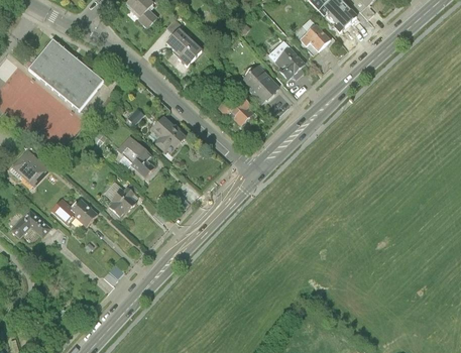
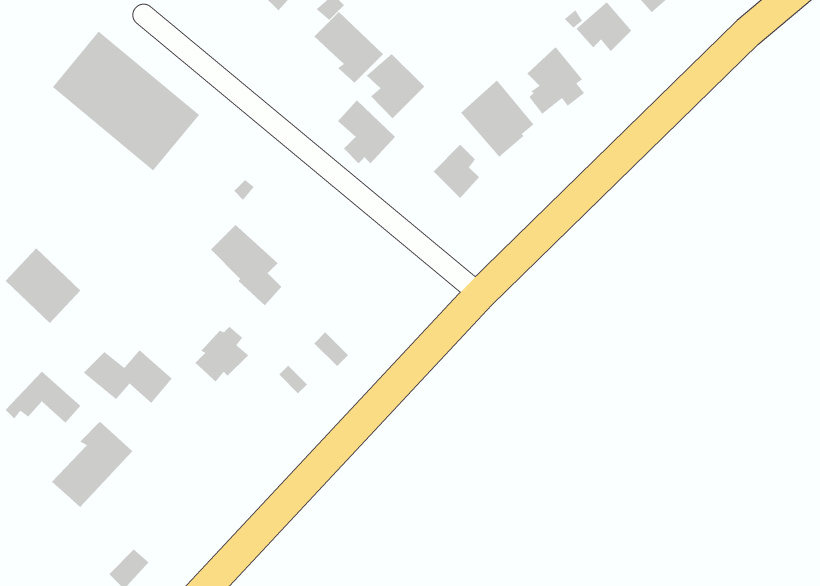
building: none -> [366,53,425,119]
building: [148,119,179,152] -> [337,100,396,164]
building: none -> [51,421,133,508]

